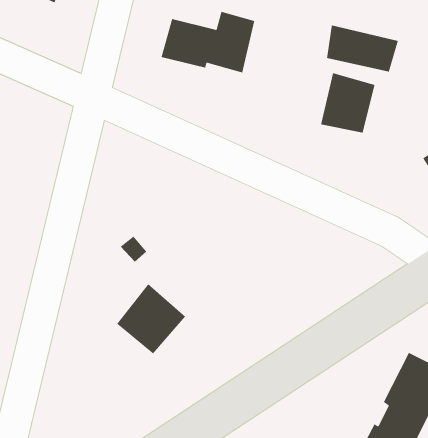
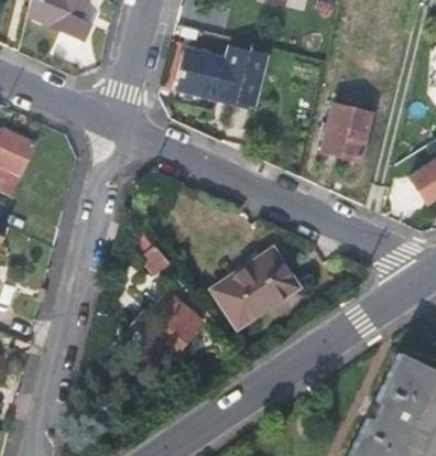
building: [326,25,399,72] -> none
building: none -> [215,251,296,326]

